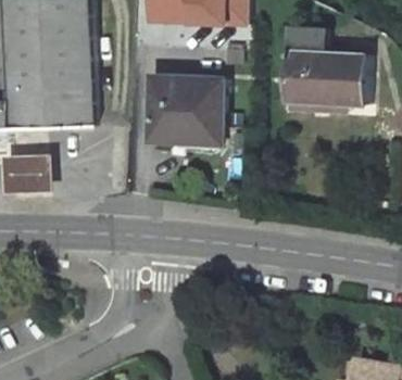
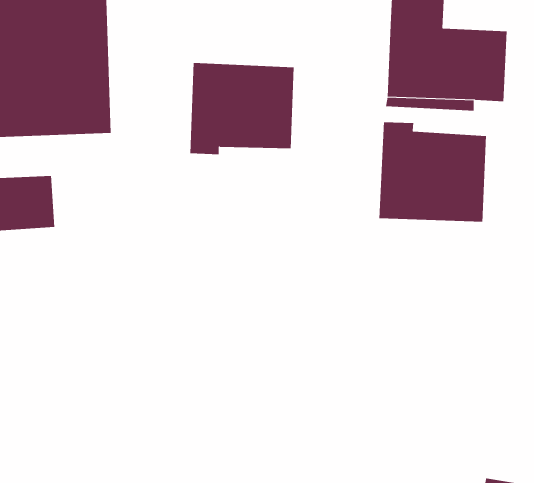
building: none -> [379,122,487,223]

